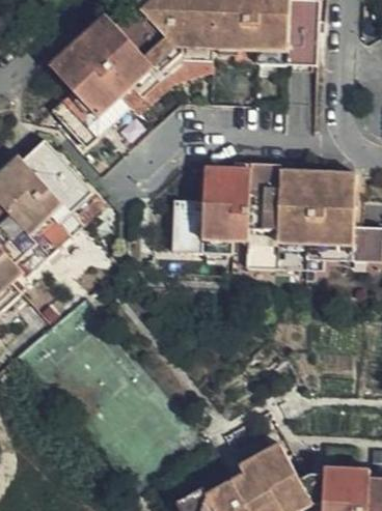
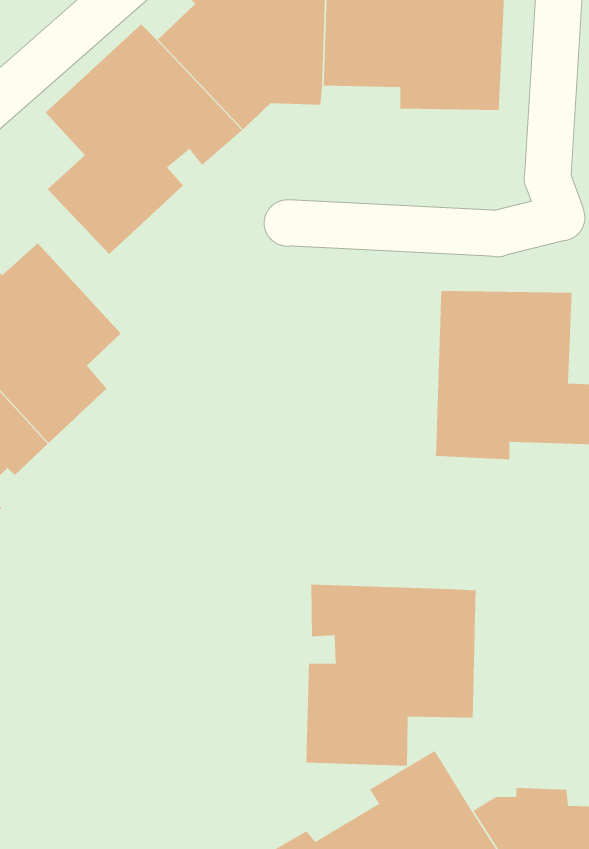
building: [171,161,279,266] -> none
building: none -> [306,584,476,767]

